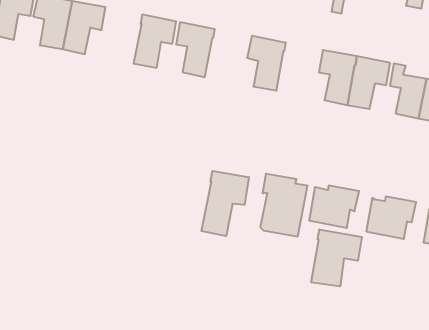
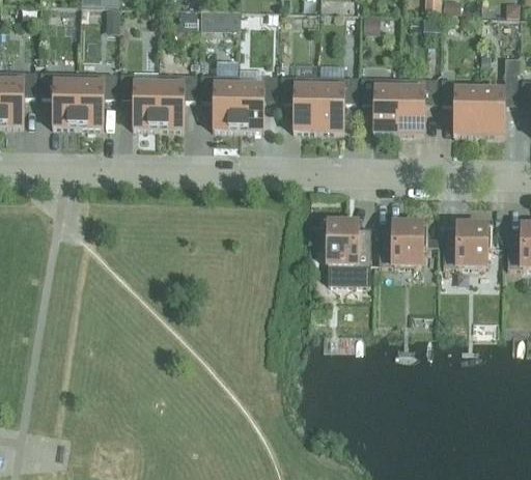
building: none -> [120,72,159,126]
building: none -> [237,74,277,128]
building: none -> [318,75,357,130]
building: [202,171,249,236] -> none
building: [311,229,362,286] -> none

